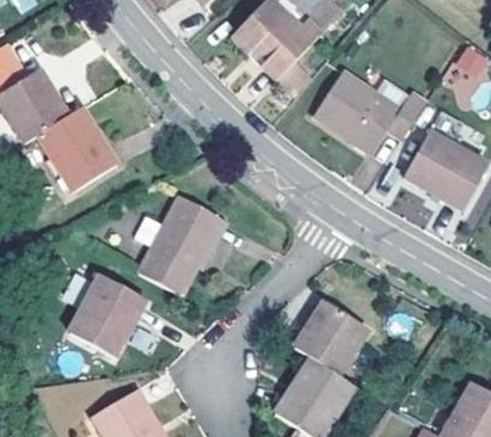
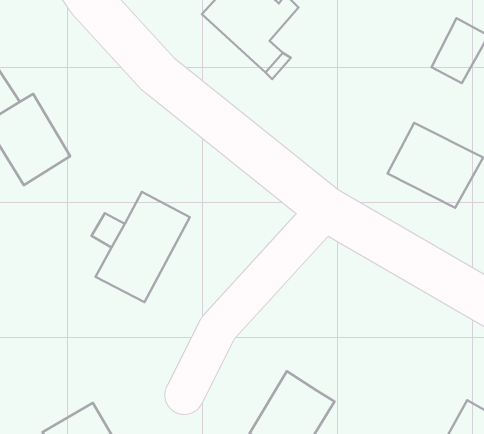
building: [315,72,428,152] -> none
building: [70,276,145,356] -> none
building: [295,300,368,375] -> none

